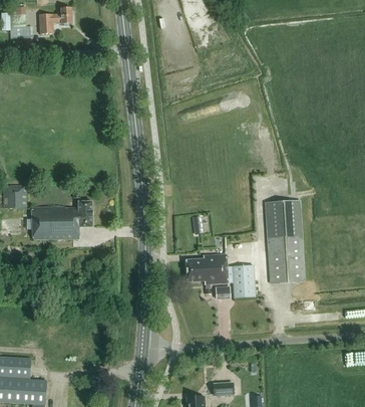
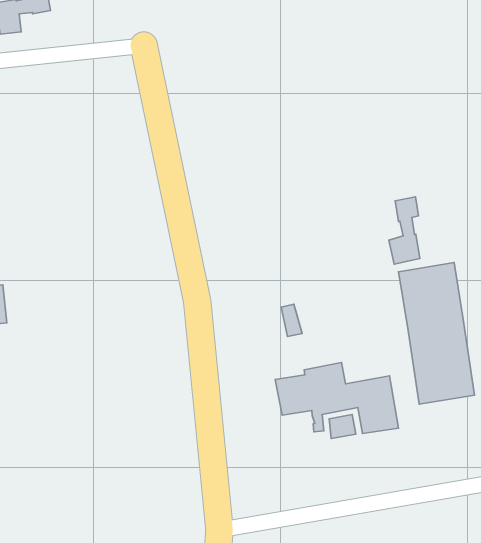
building: none -> [389,197,420,264]
building: [31,201,91,239] -> none

